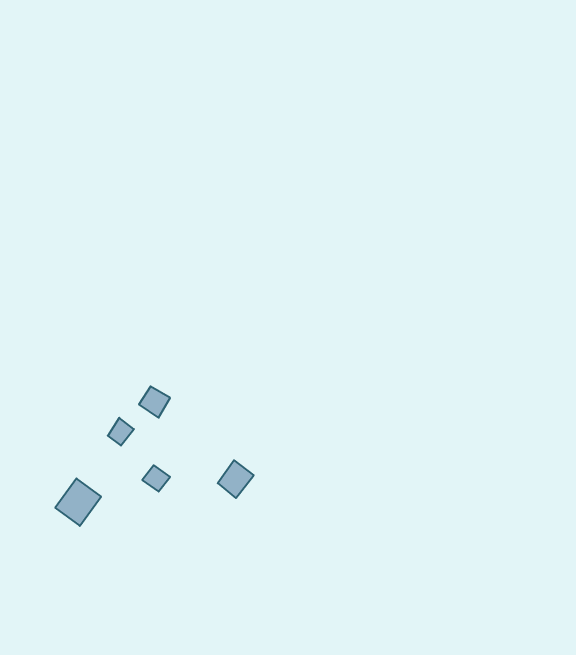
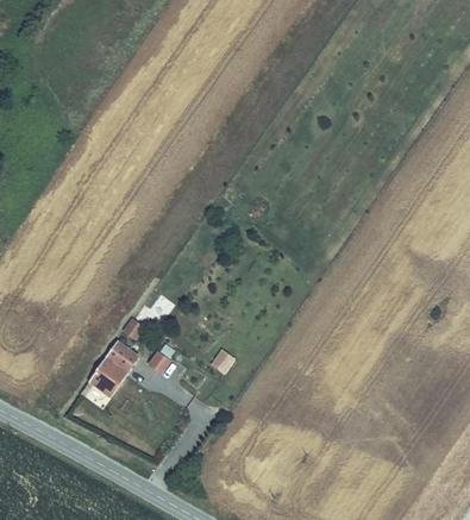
building: none -> [104,342,137,375]

